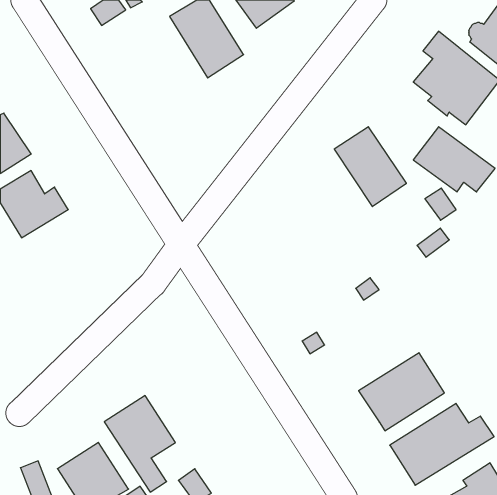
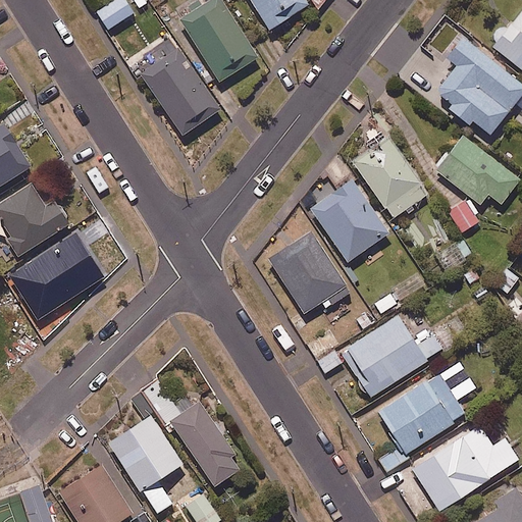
building: none -> [134,44,218,138]
building: none -> [308,178,387,261]
building: none -> [12,230,108,317]
building: none -> [265,237,350,313]
building: none -> [340,316,442,397]
building: none -> [172,399,248,485]

